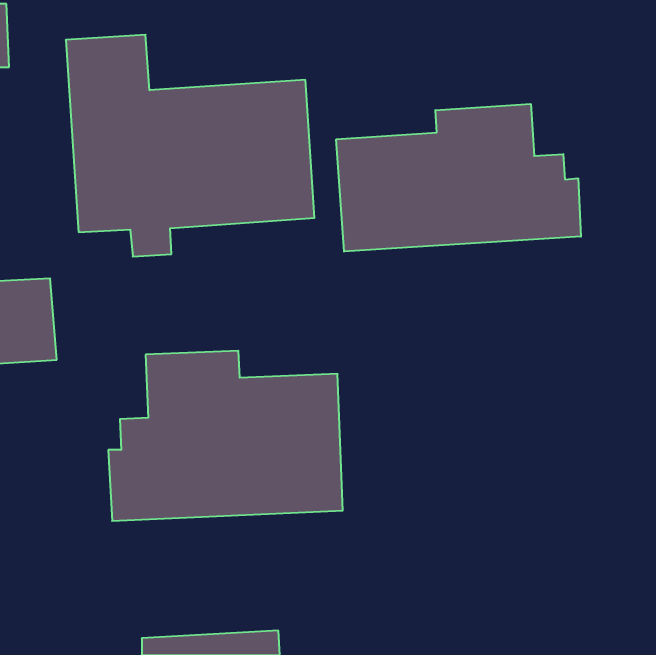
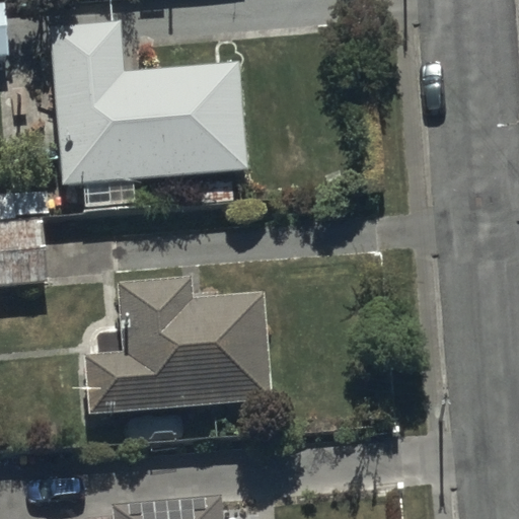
building: [336,104,581,252] -> none

